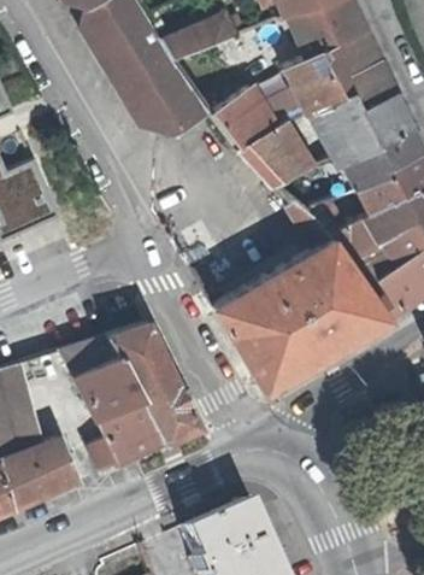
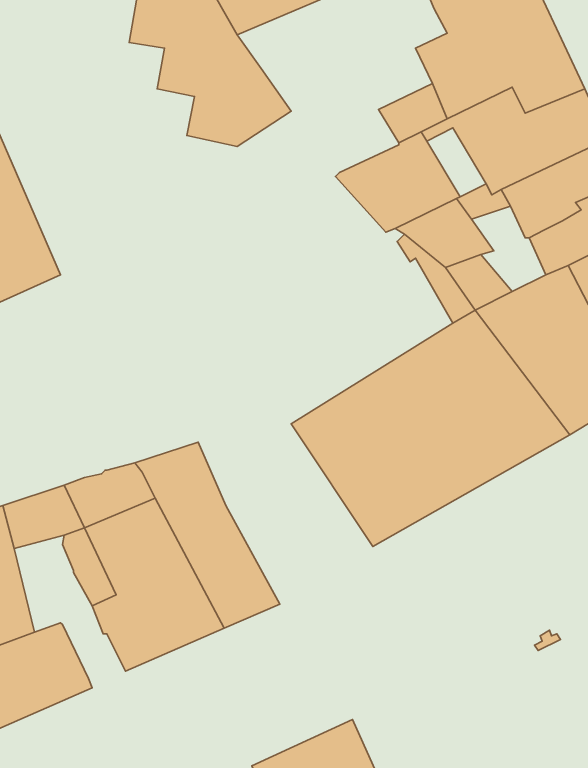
building: [211,87,277,147] -> none

